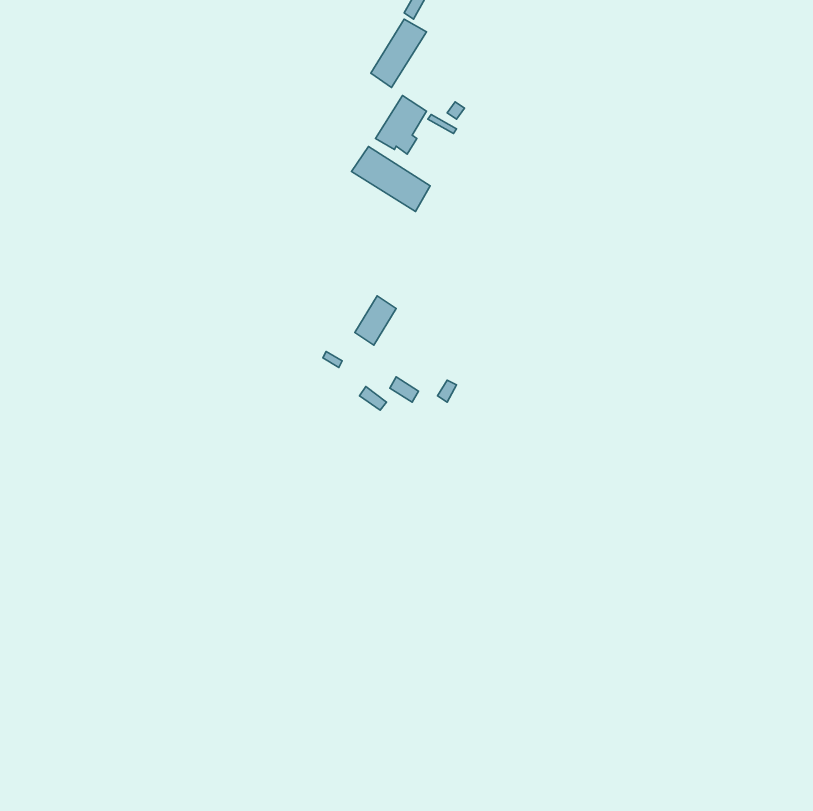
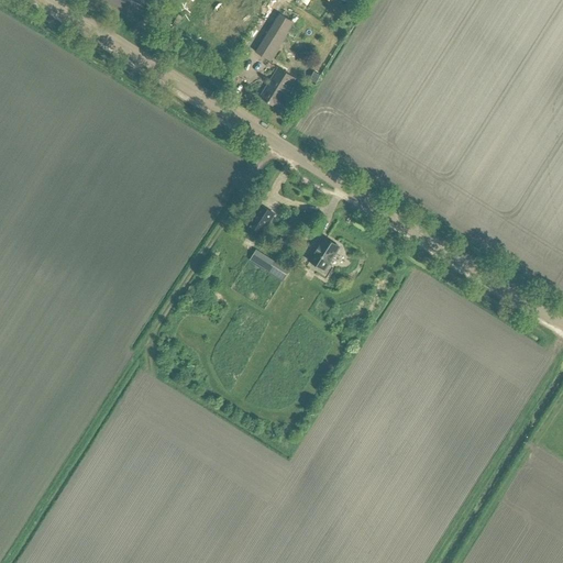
building: [351,146,430,212] -> none
building: none -> [309,238,339,269]

